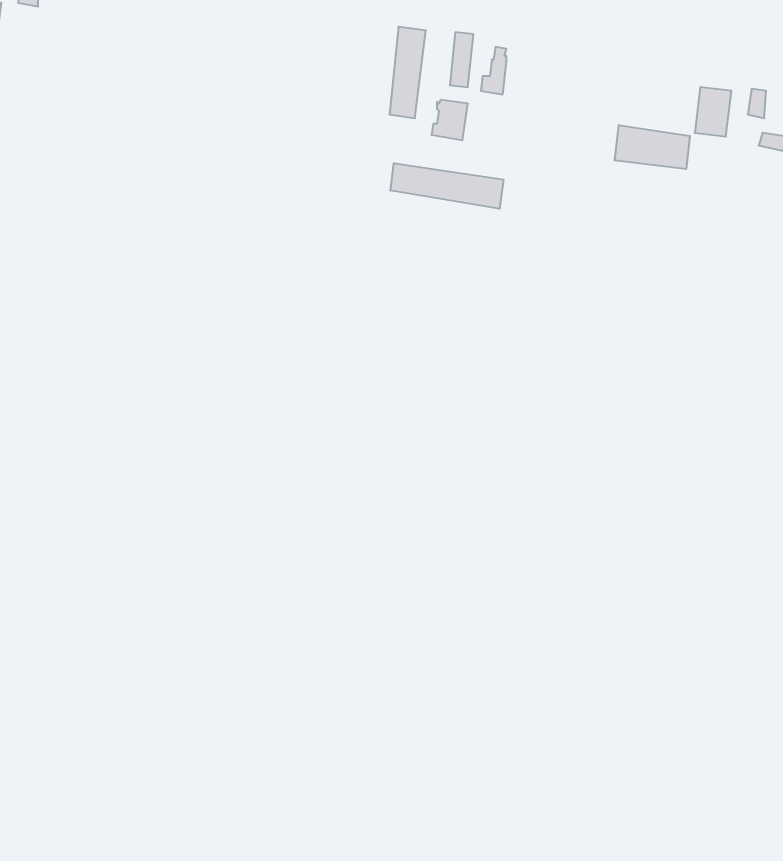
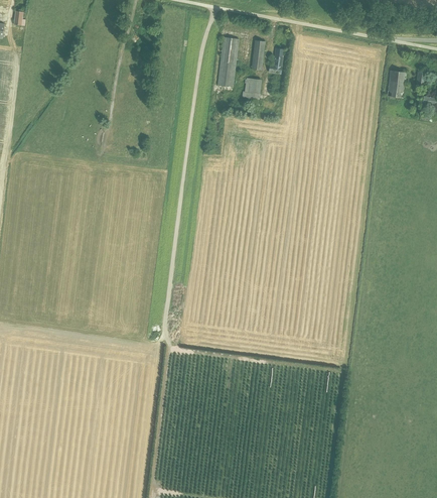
building: [615,125,690,169] -> none
building: [390,163,504,209] -> none

